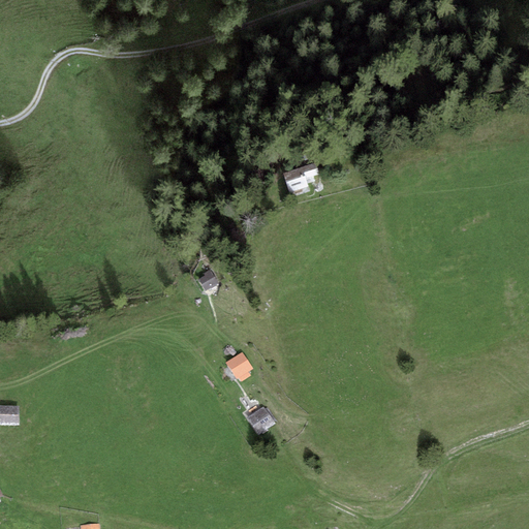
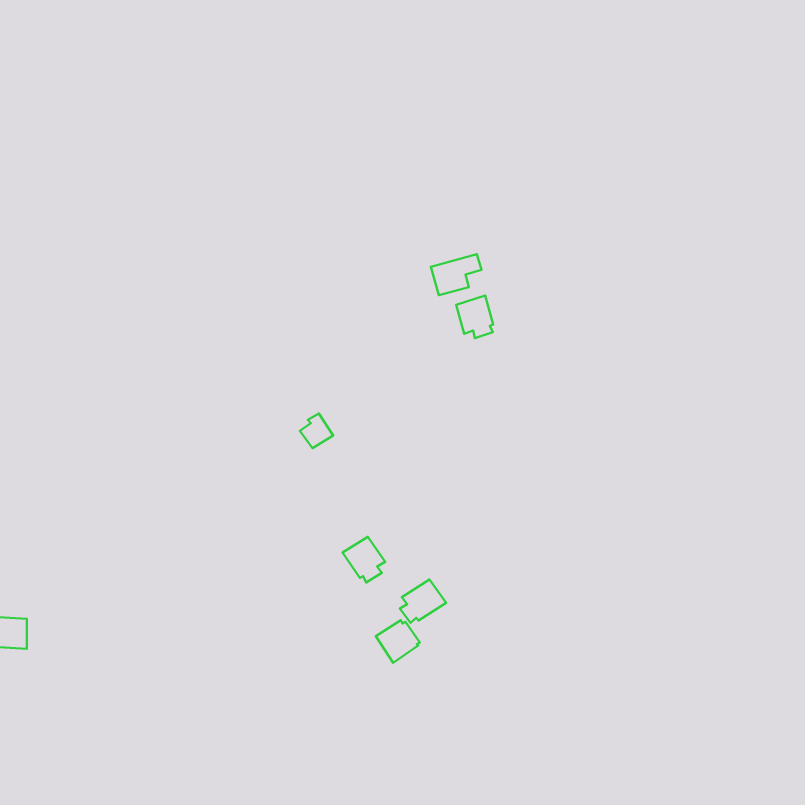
building: none -> [456,295,493,338]
building: none -> [400,579,446,623]

